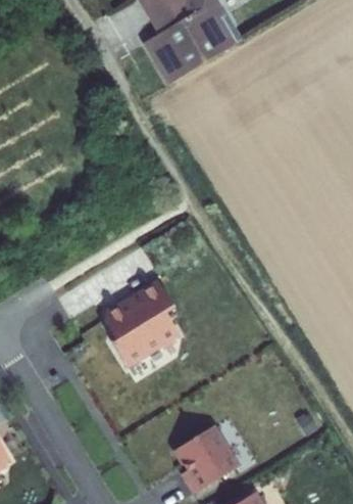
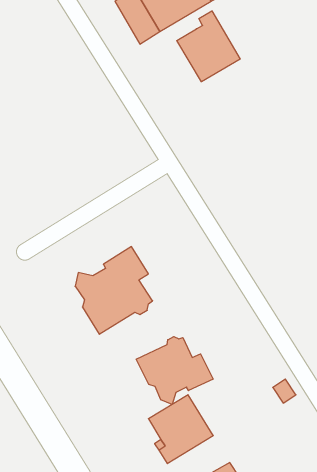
building: none -> [177,11,240,82]
building: none -> [136,337,213,404]

